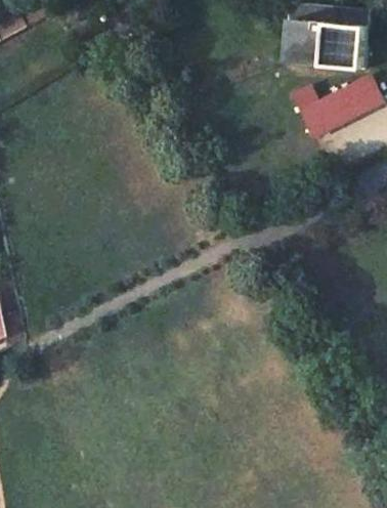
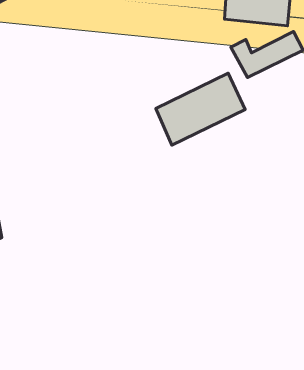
building: none -> [156,73,245,145]

